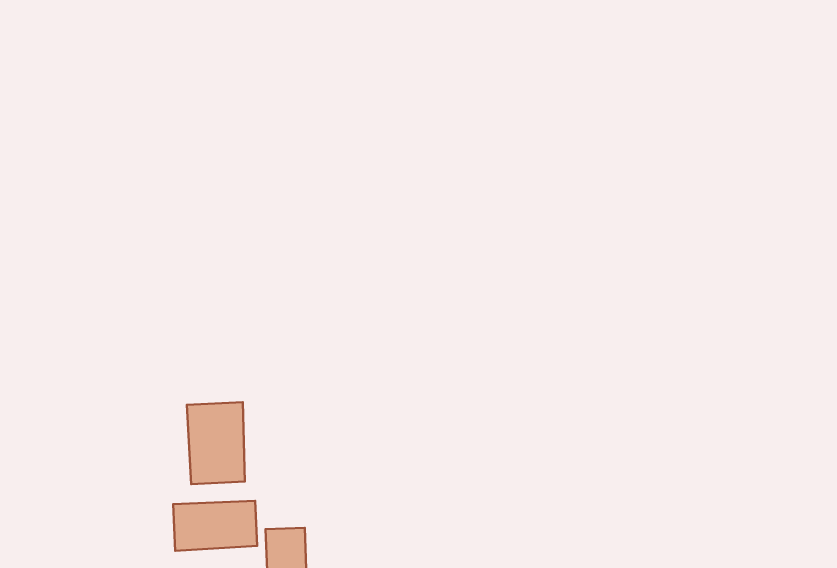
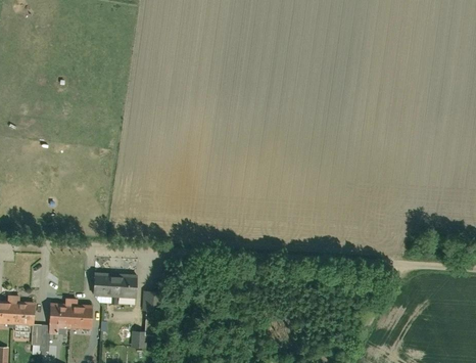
building: [187,402,245,484] -> none

